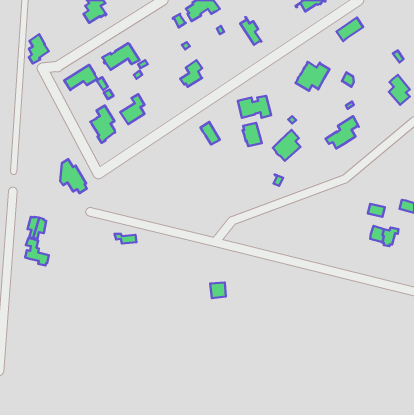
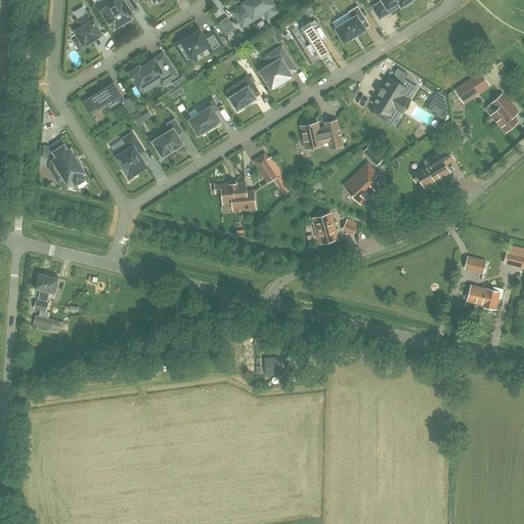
building: none -> [335,6,364,42]
building: [337,18,363,41] -> [454,73,488,102]
building: none -> [174,31,222,62]
building: [29,34,49,64] -> [75,12,100,49]
building: none -> [260,47,295,88]
building: none -> [189,98,219,134]
building: [242,123,262,146] -> [312,214,337,244]
building: none -> [215,181,255,210]
building: [60,159,87,193] -> [50,141,84,184]

